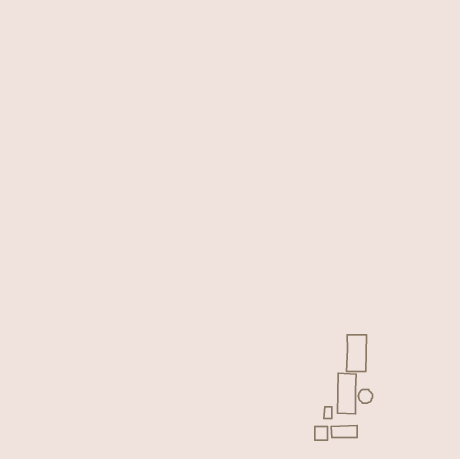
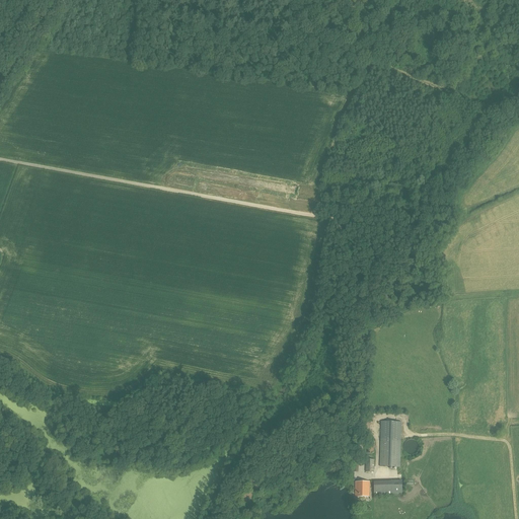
building: [346,335,367,372] -> none

